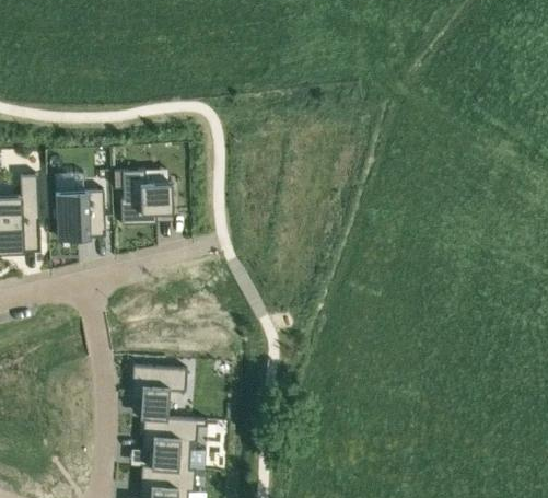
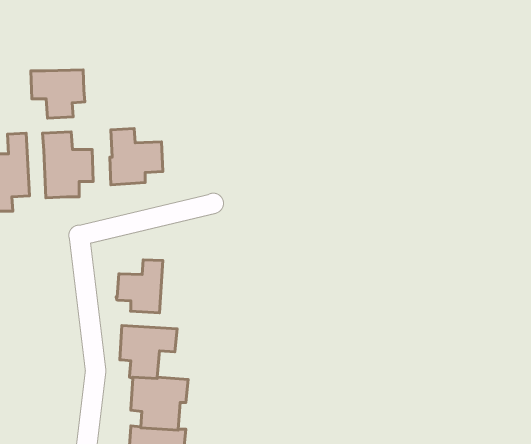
building: none -> [31,70,85,118]
building: none -> [116,260,163,313]

